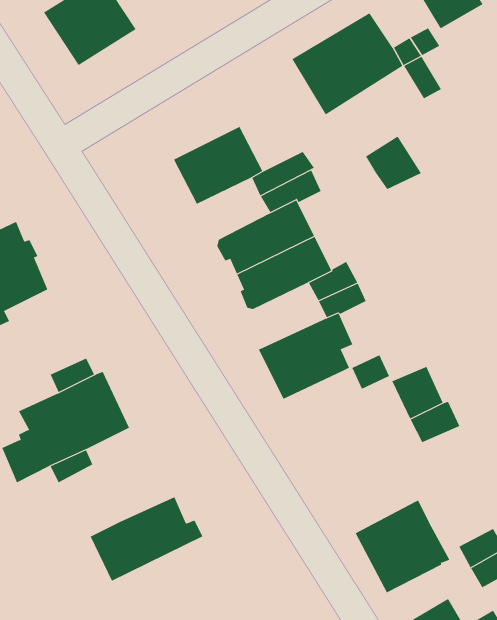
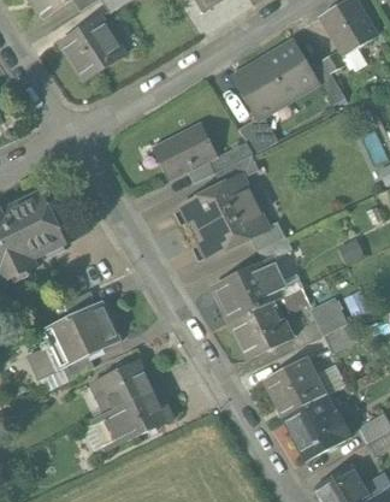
building: [365,136,422,190] -> [238,114,279,153]
building: none -> [231,300,291,358]
building: none -> [264,356,326,417]
building: none -> [93,362,153,408]

